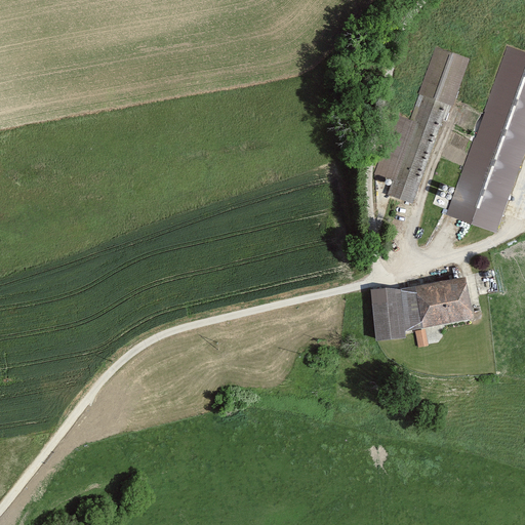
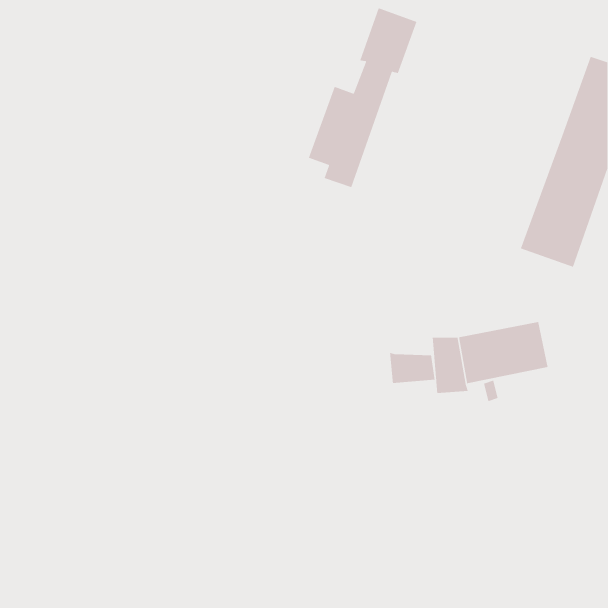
building: [374,47,469,203] -> [308,7,417,188]
building: none -> [389,352,436,384]

